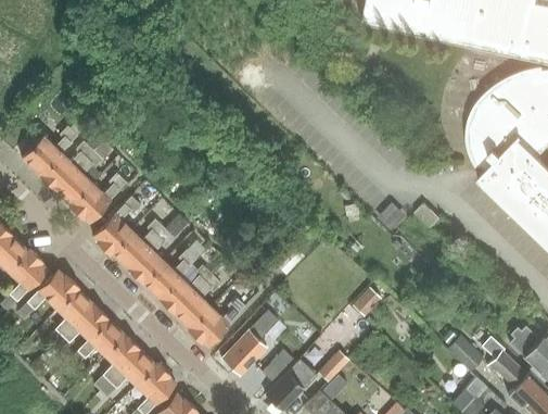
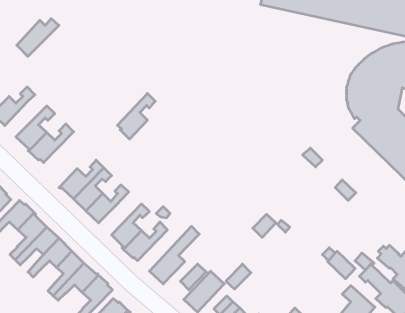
building: [39,141,92,189] -> [17,19,59,56]
building: [92,196,140,253] -> [117,93,155,139]
building: [157,264,212,313] -> none

